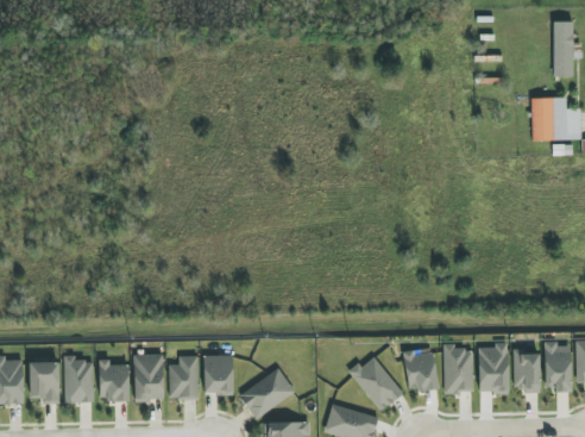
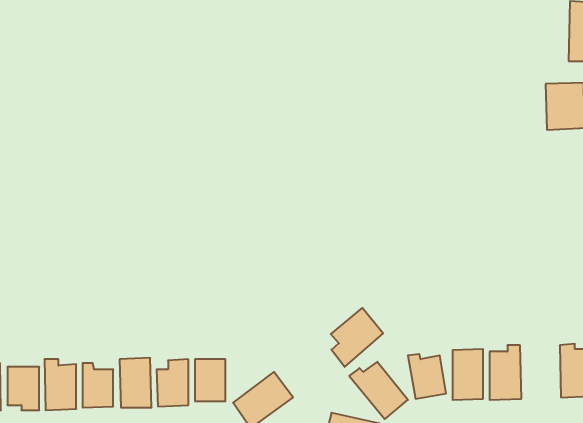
building: none -> [331,308,383,367]
building: [512,348,539,392] -> none

